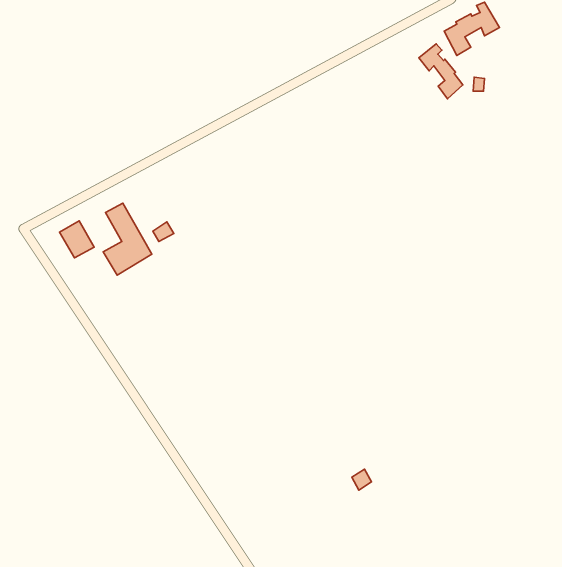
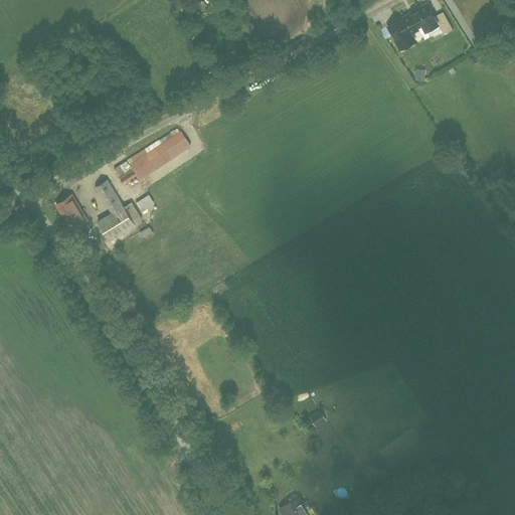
building: [419,44,463,99] -> none
building: none -> [119,130,191,184]

